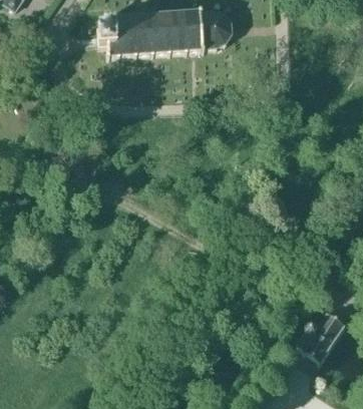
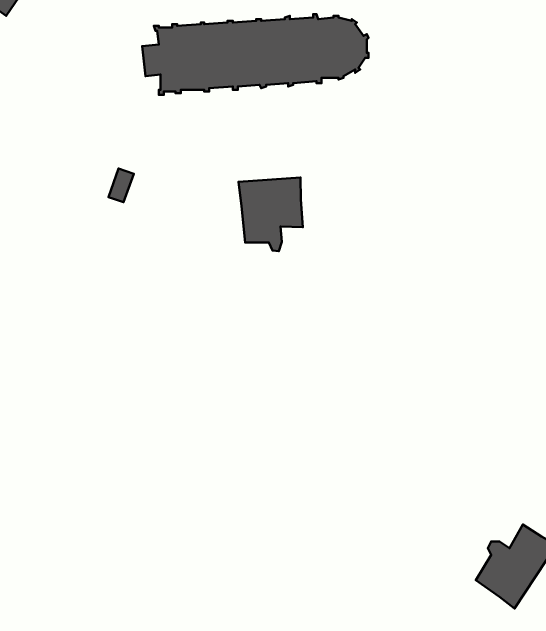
building: none -> [239,178,303,251]

